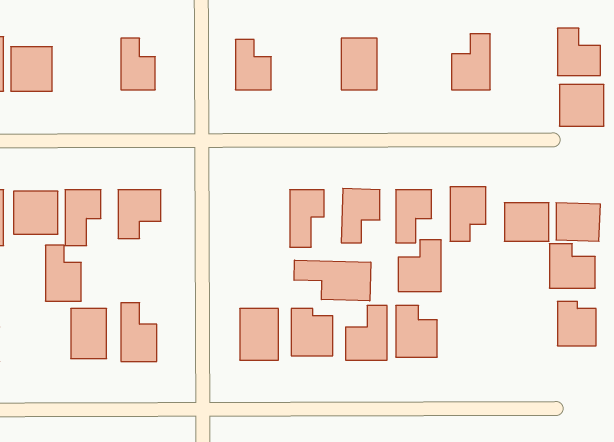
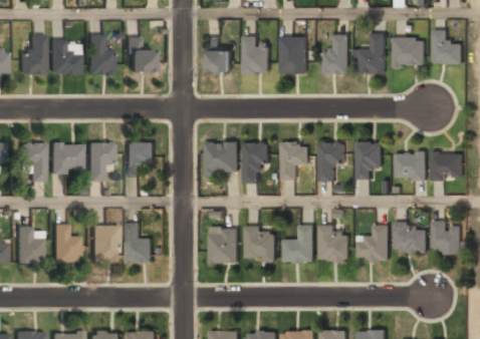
building: none -> [323,34,348,72]
building: none -> [86,35,110,73]
building: none -> [242,35,269,72]
building: [559,85,604,126] -> [393,36,424,65]
building: none -> [206,140,237,173]
building: [398,240,441,291] -> [357,224,388,260]
building: [549,244,595,288] -> [394,221,426,252]
building: [45,245,81,301] -> [52,224,77,263]
building: [294,260,371,301] -> none

